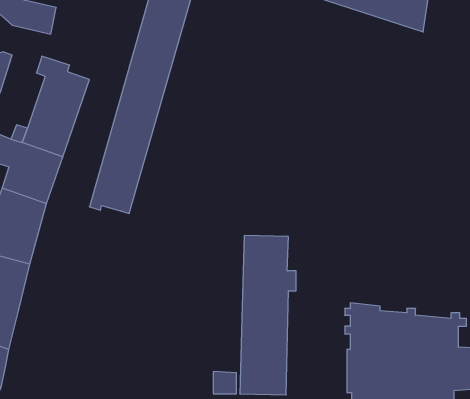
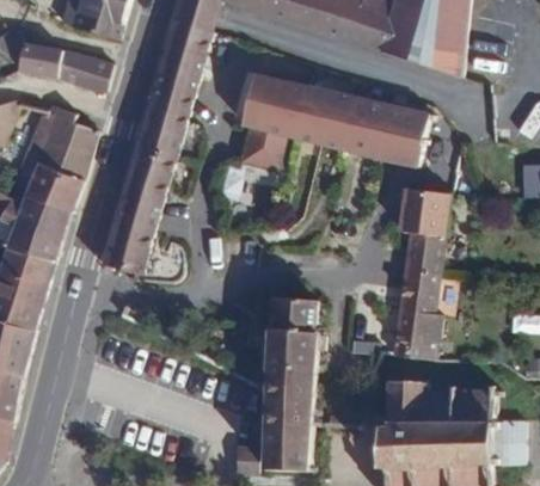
building: none -> [57,53,113,92]
building: none -> [238,75,428,171]
building: none -> [386,189,455,361]

